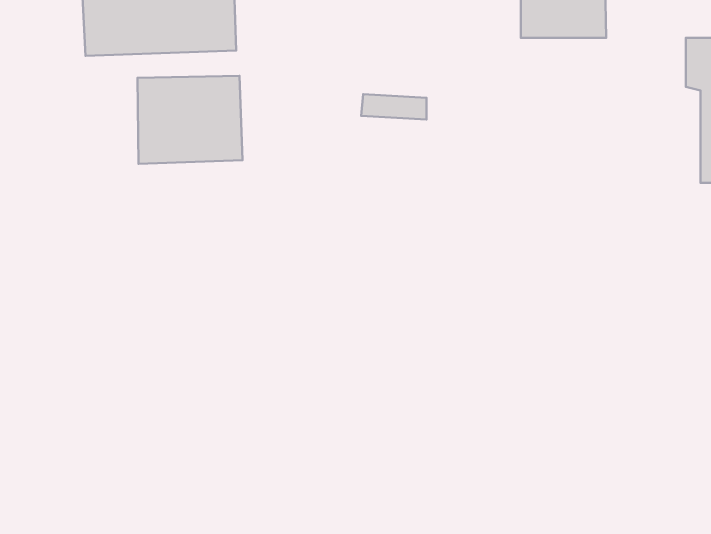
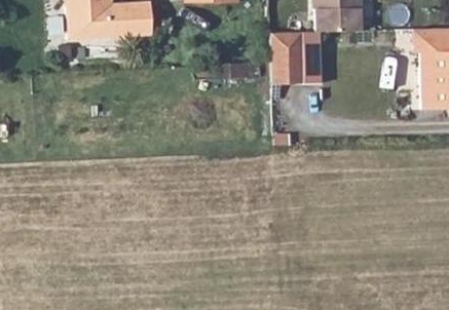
building: none -> [270,29,306,87]
building: [138,76,243,164] -> none

